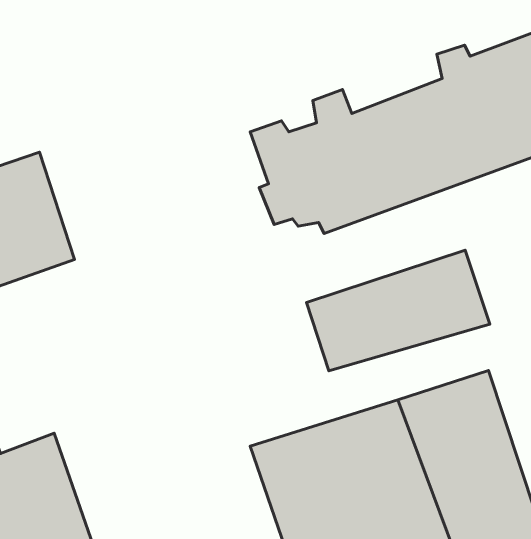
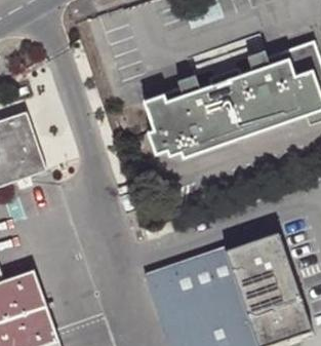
building: [307,250,490,371] -> none

